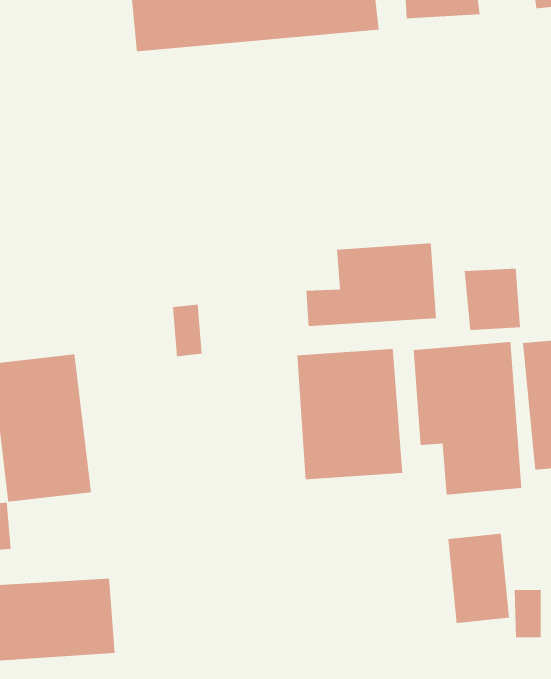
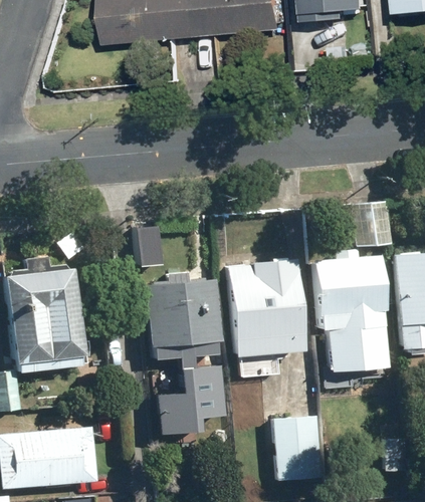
building: [306,242,437,327] -> none
building: none -> [142,276,227,428]
building: [447,533,510,623] -> [273,416,318,481]

